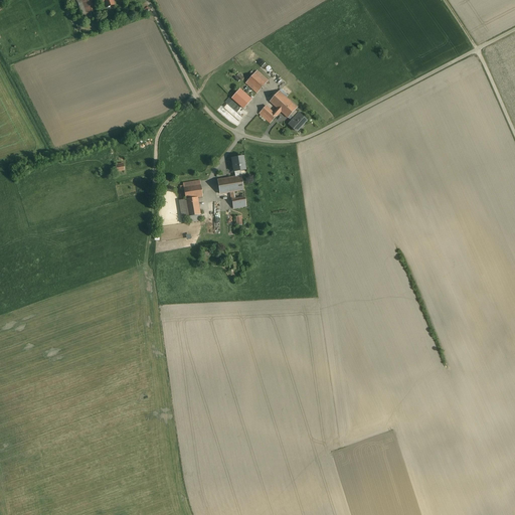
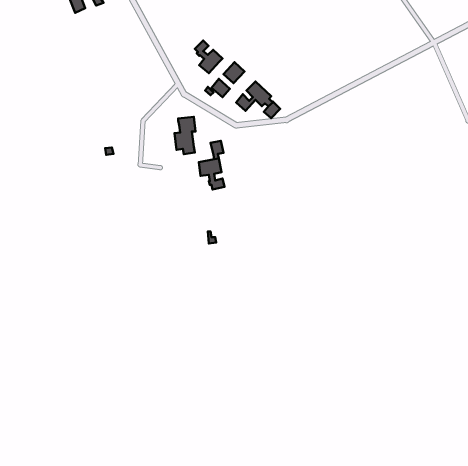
building: none -> [195,41,222,73]
building: [179,180,202,221] -> [175,117,196,154]

